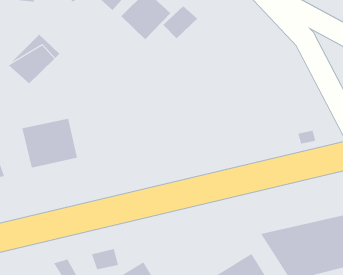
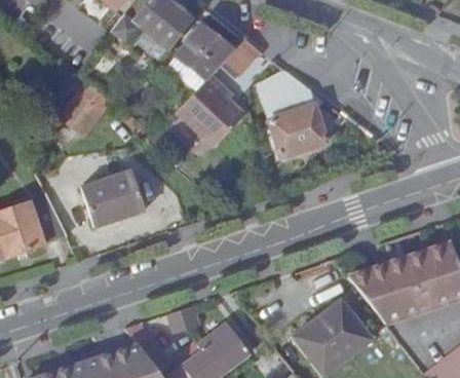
building: none -> [178,73,245,145]
building: none -> [257,77,328,158]

